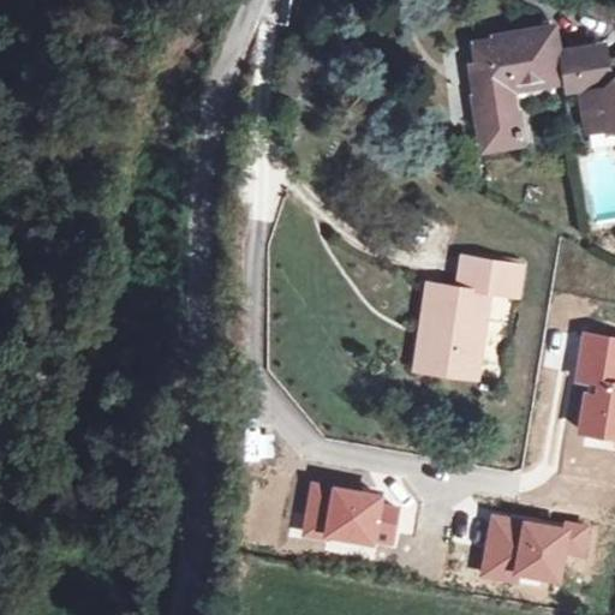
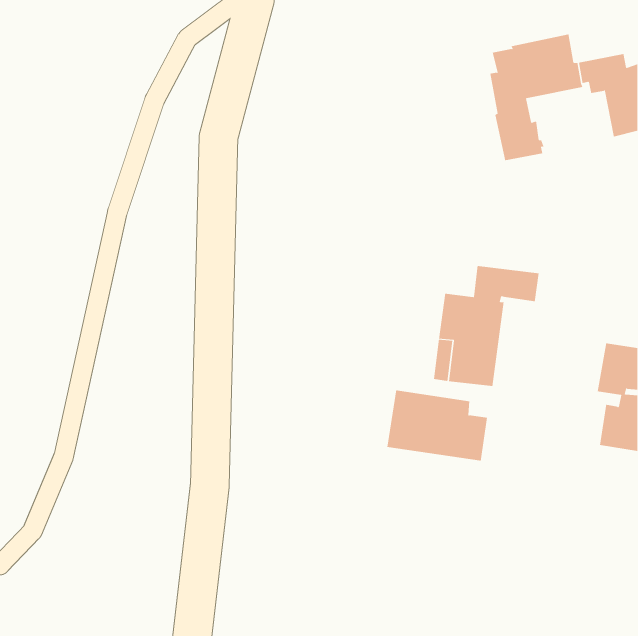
building: [300,482,398,550] -> [387,390,488,461]
building: [482,513,592,580] -> none

